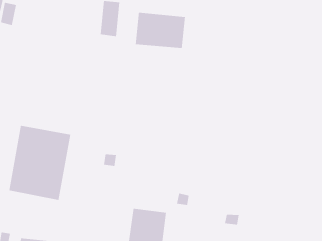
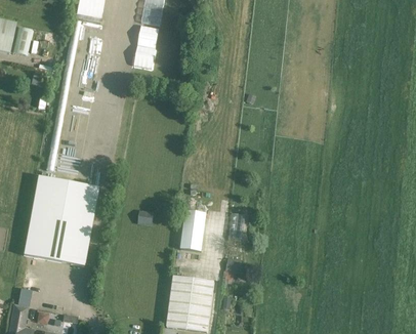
building: [135,12,185,49] -> none
building: none -> [180,210,207,252]

